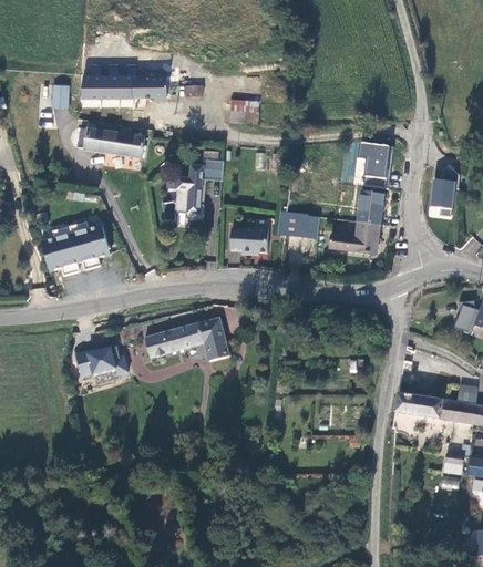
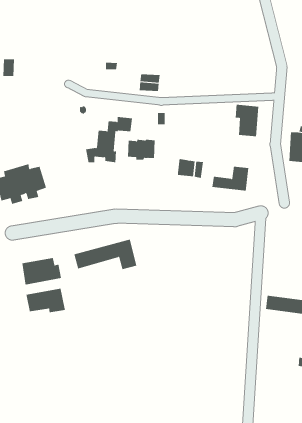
building: [80,72,166,96] -> none
building: [75,124,143,155] -> none
building: [356,192,381,225] -> none
building: [232,227,269,255] -> [127,139,156,160]
building: none -> [26,288,66,313]

